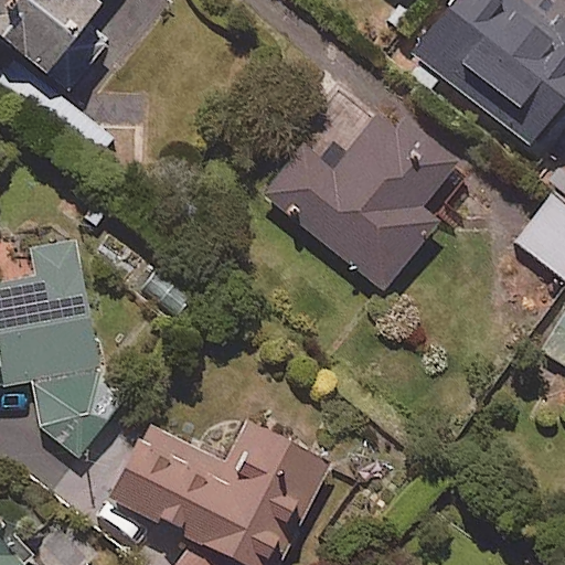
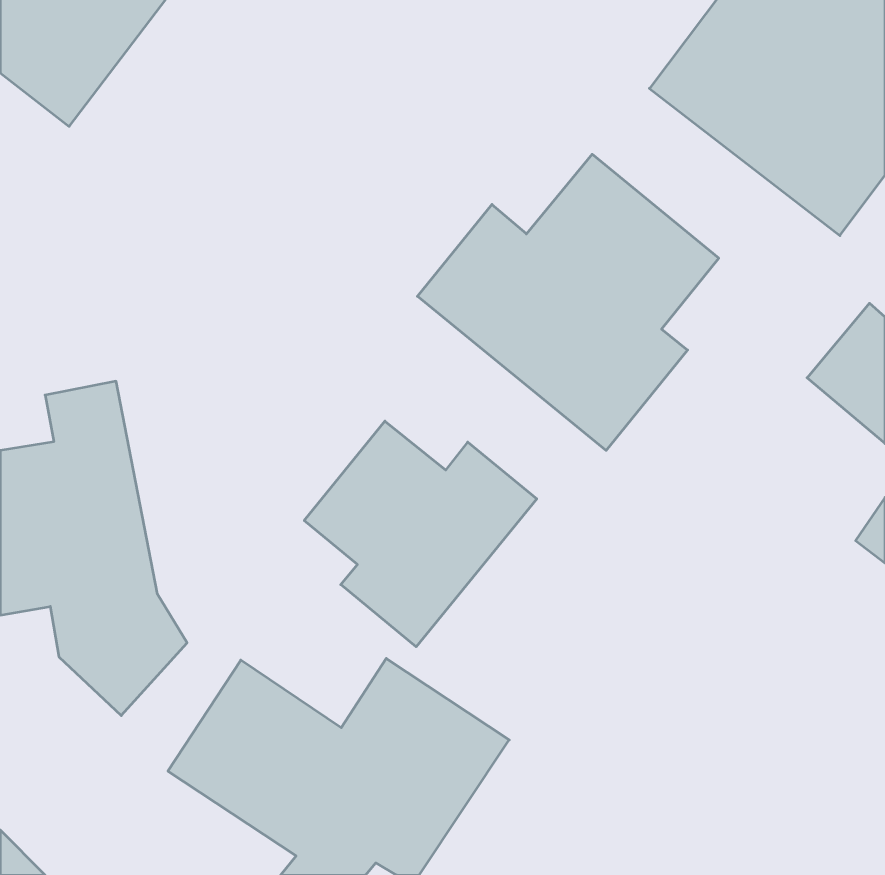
building: none -> [304,421,537,647]

